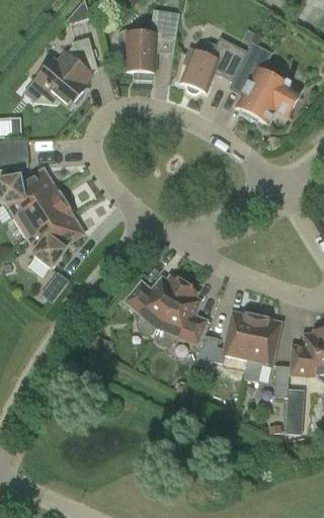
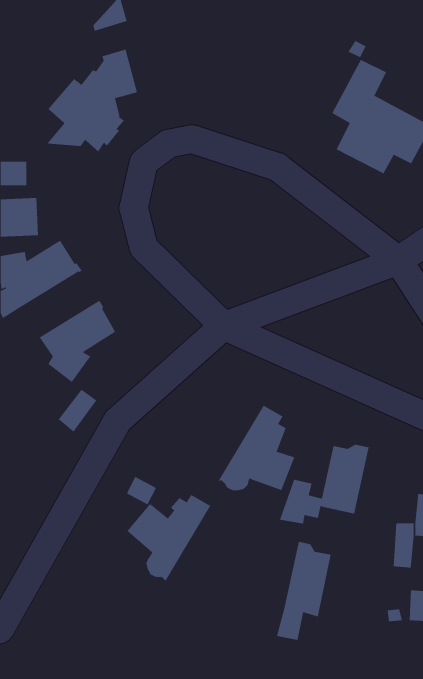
building: [117,9,179,79] -> none
building: [179,36,247,93] -> none
building: [15,191,71,237] -> none
building: [125,275,183,336] -> [127,494,211,582]
building: [242,313,280,381] -> [276,541,332,640]

